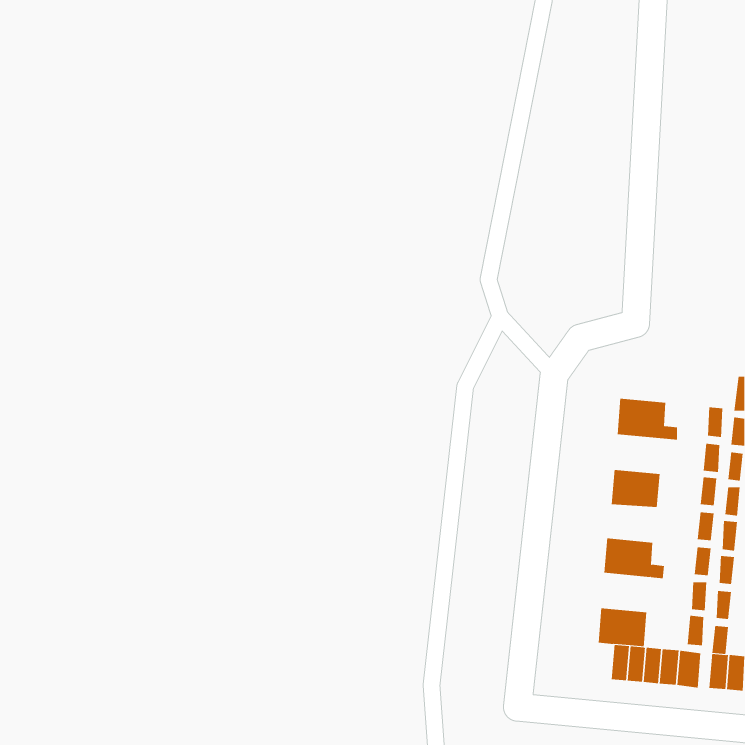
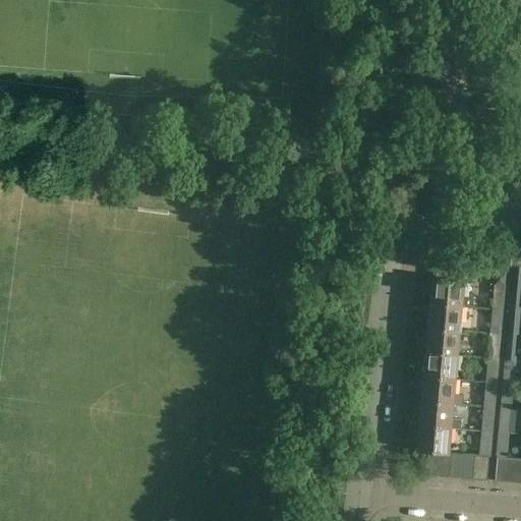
building: none -> [428,303,463,331]
building: none -> [423,352,459,379]
building: none -> [419,400,461,428]

